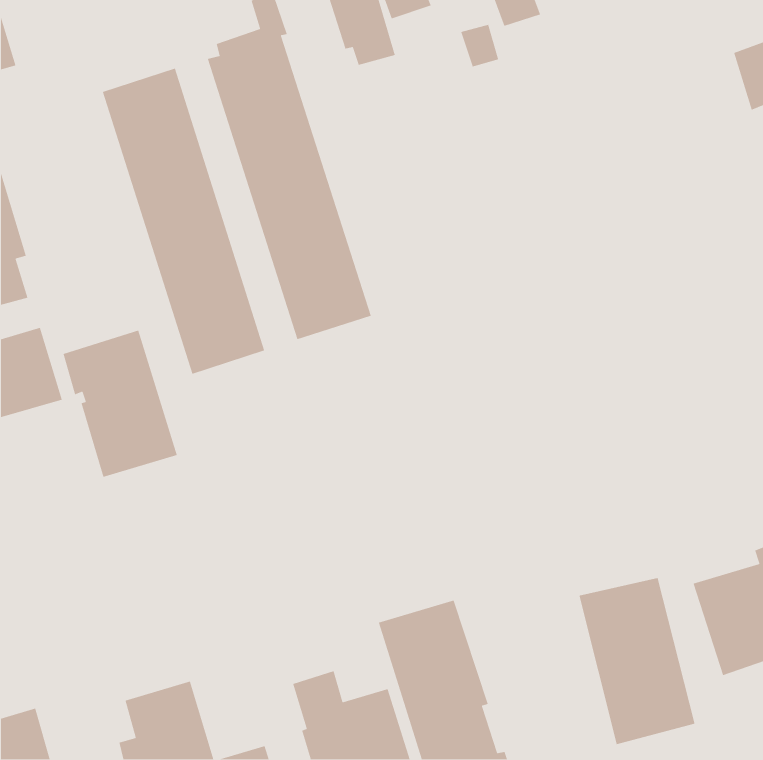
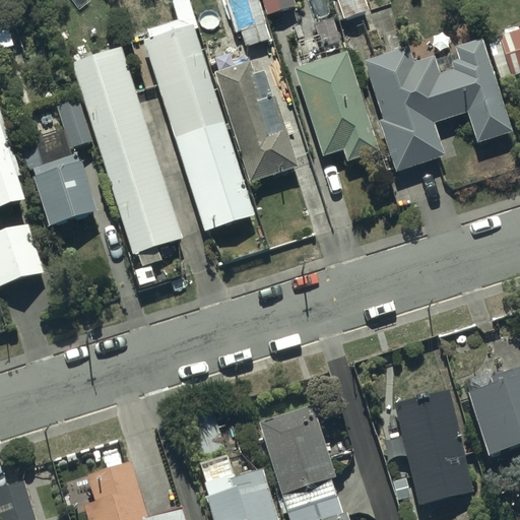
building: none -> [364,39,511,171]
building: none -> [294,50,379,161]
building: none -> [214,62,297,182]
building: [62,329,178,478] -> [18,127,96,228]

